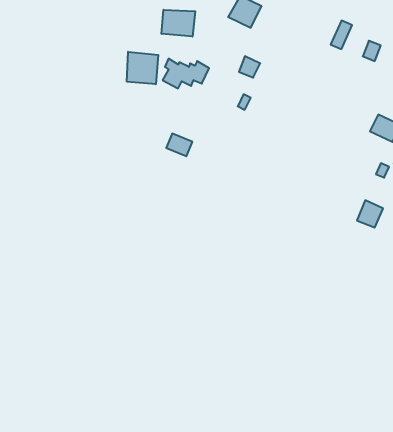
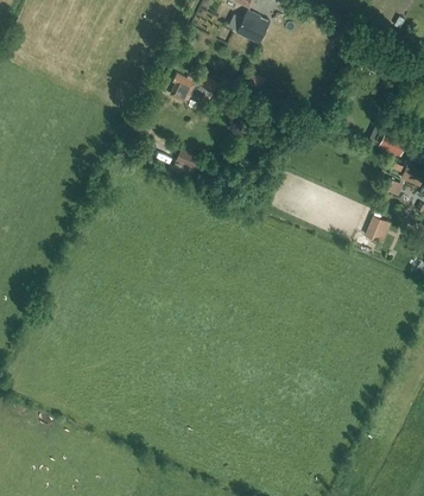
building: [162,10,195,37] -> none
building: [127,52,158,84] -> none

